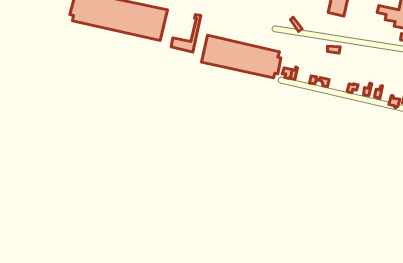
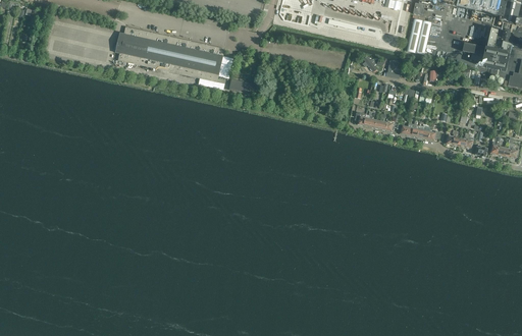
building: [202,35,281,78] -> none

